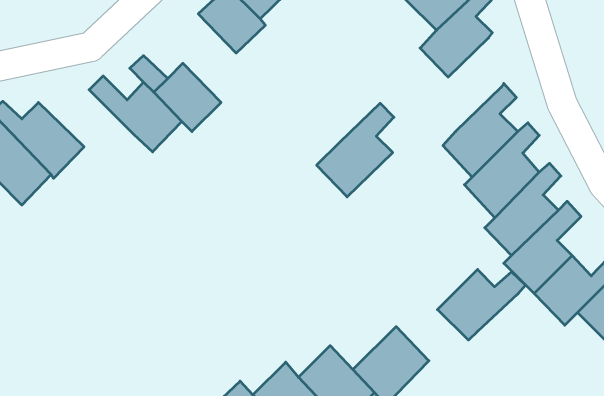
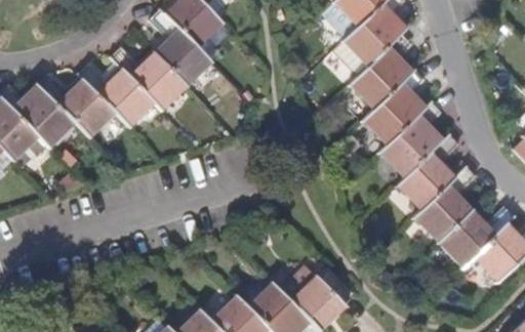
building: none -> [150,8,211,85]
building: none -> [37,75,114,136]
building: [317,103,394,197] -> [350,33,412,109]
building: [437,269,526,340] -> none

